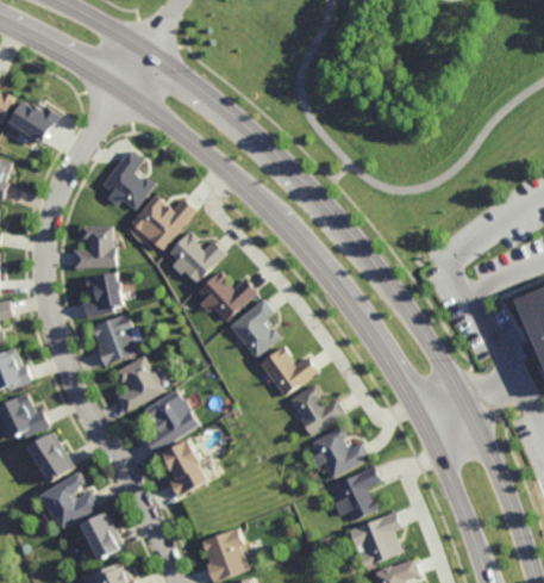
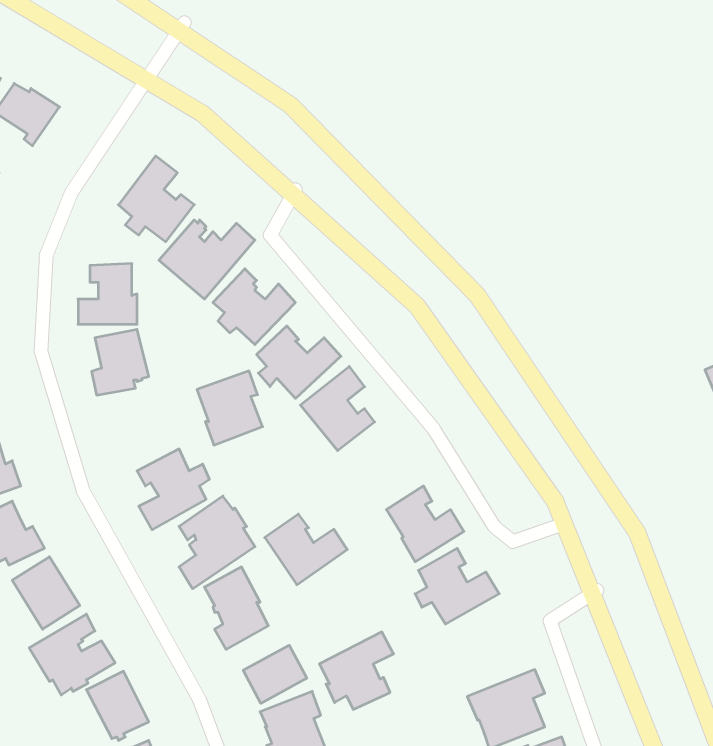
building: [89,314,136,366] -> [197,371,263,445]
building: [260,346,318,396] -> [265,514,347,585]
building: [327,467,380,522] -> [319,632,394,709]
building: none -> [243,645,307,703]

